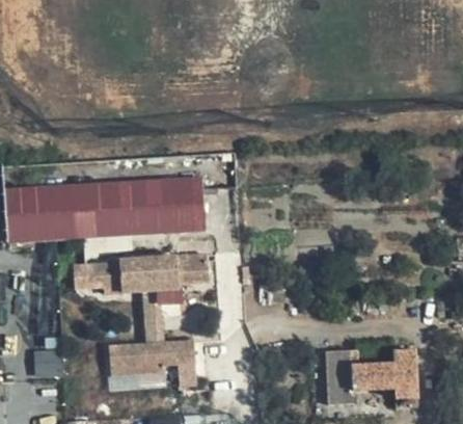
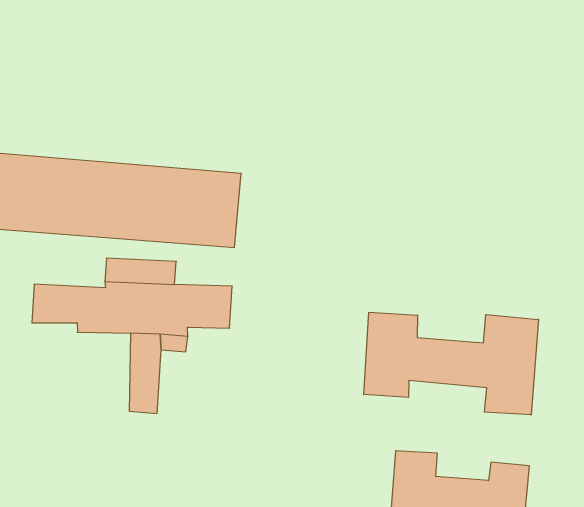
building: none -> [364,312,538,415]
building: [112,343,196,379] -> none

